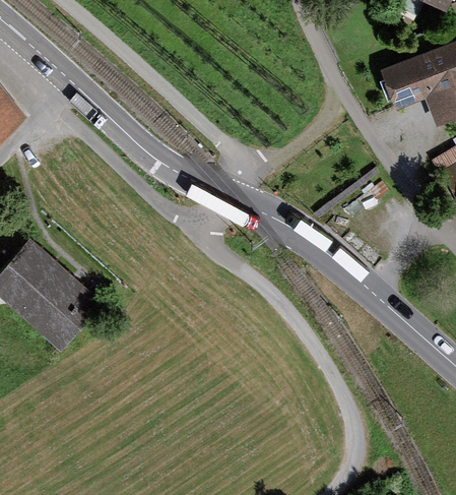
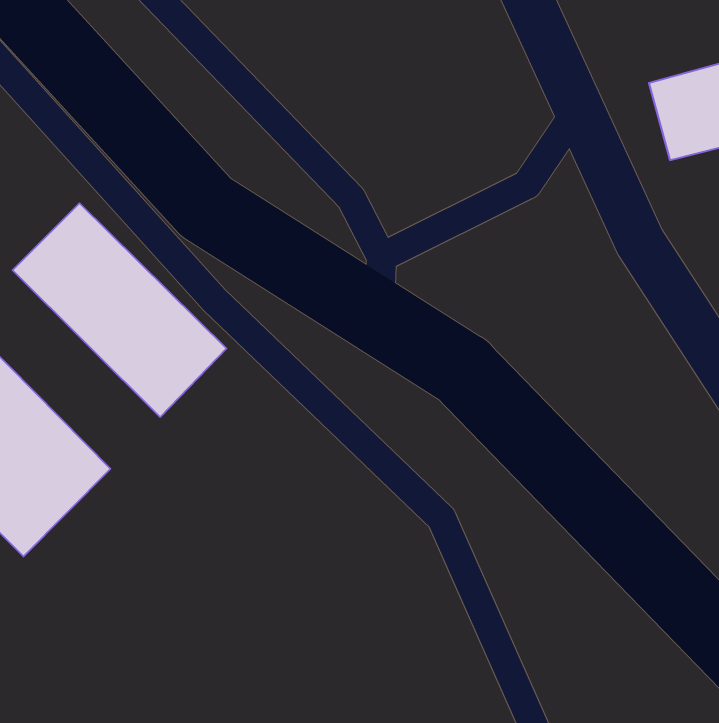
building: none -> [13,203,226,417]

